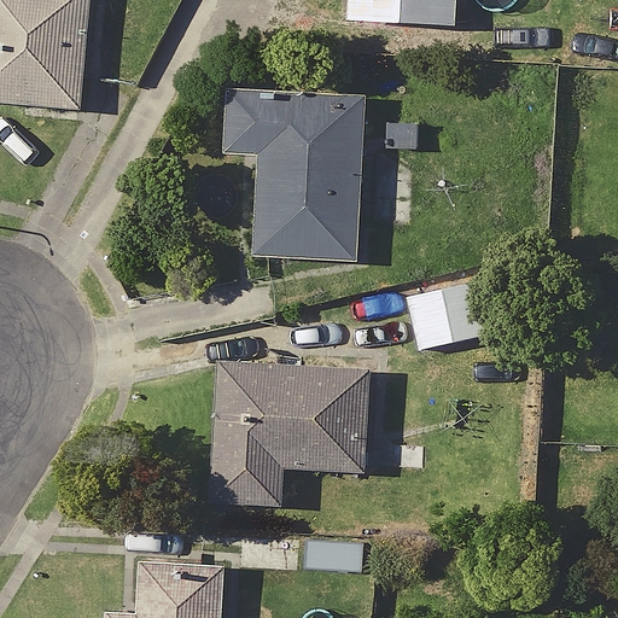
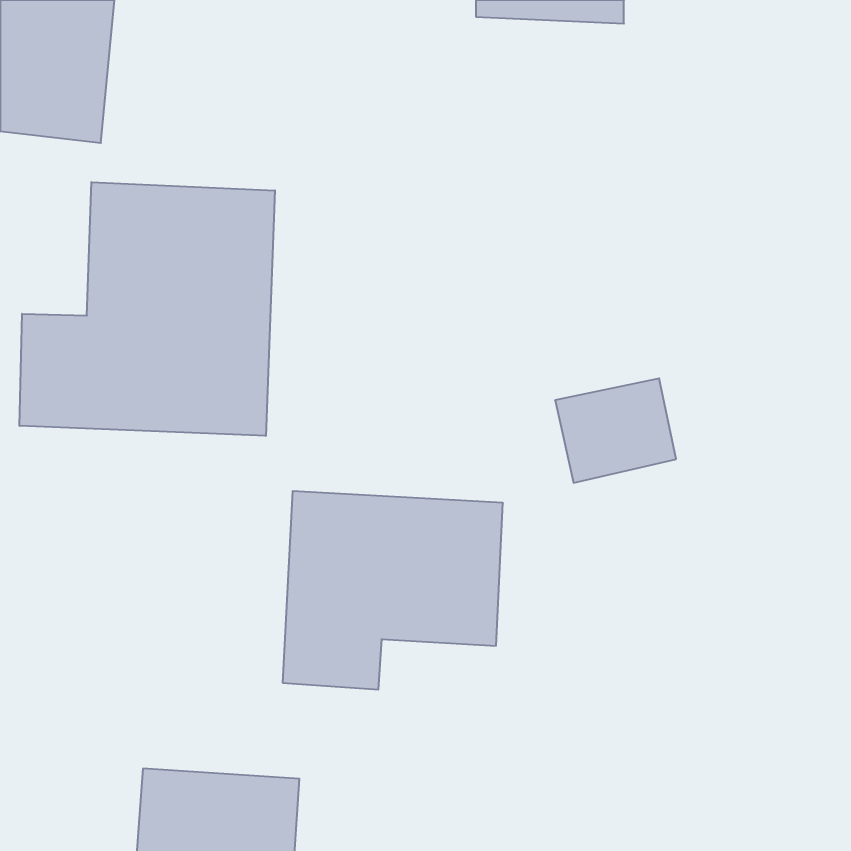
building: [222,92,362,261] -> none
building: none -> [20,182,275,436]

